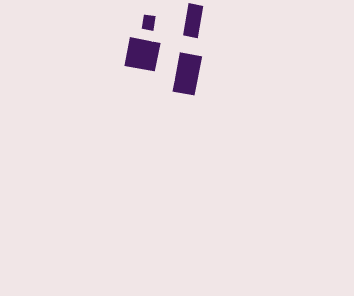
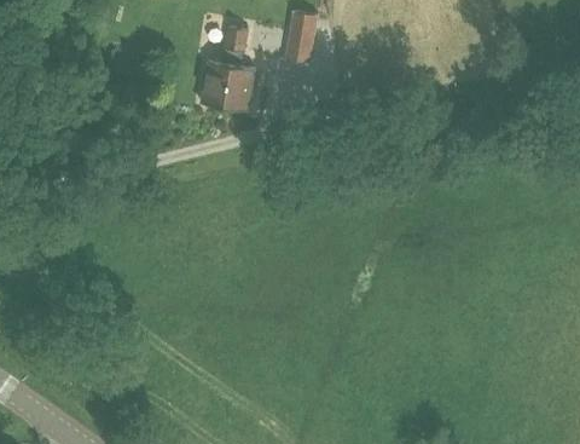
building: [172,51,203,96] -> none

